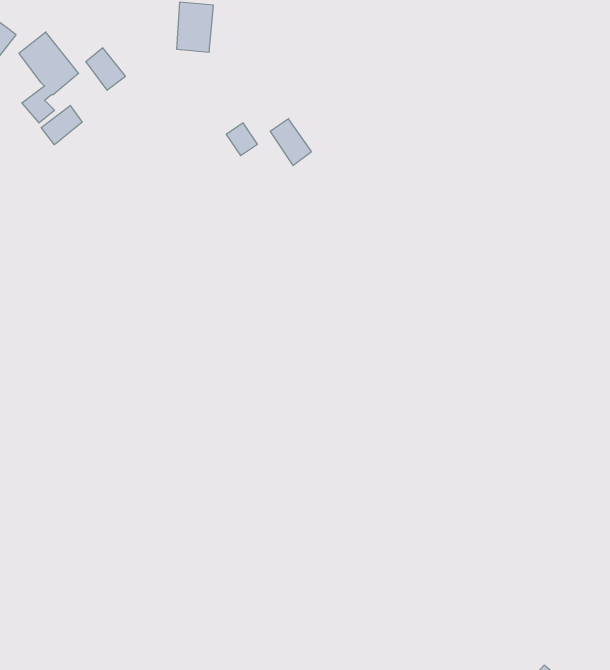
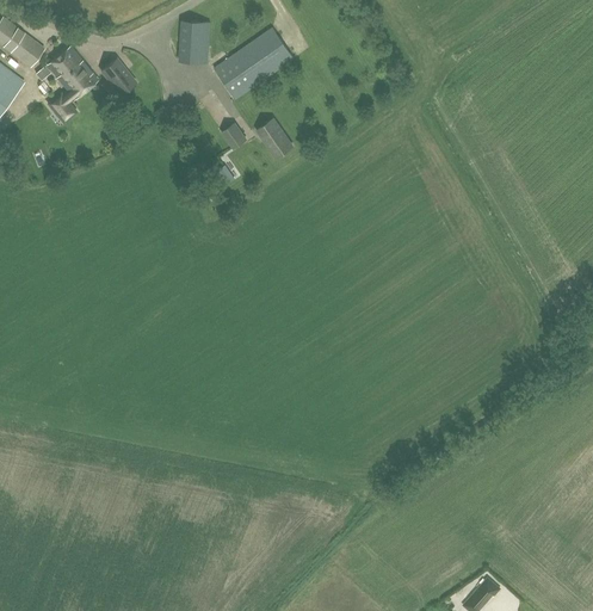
building: none -> [214,27,294,98]
building: [41,105,82,145] -> none

